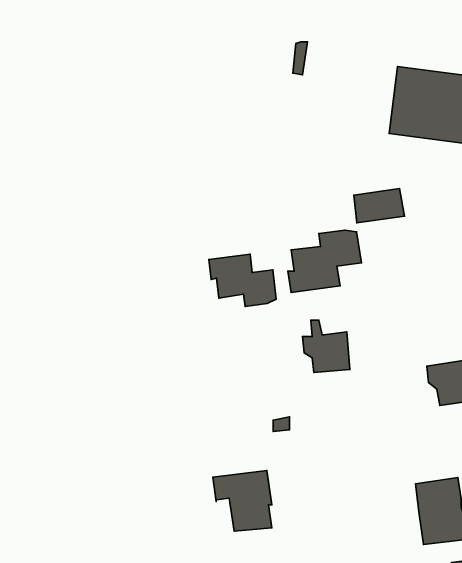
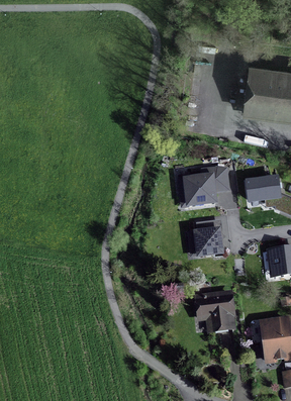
building: [354,188,404,223] -> [247,180,278,201]
building: [209,254,276,306] -> none
building: [213,470,272,531] -> [196,294,232,331]

